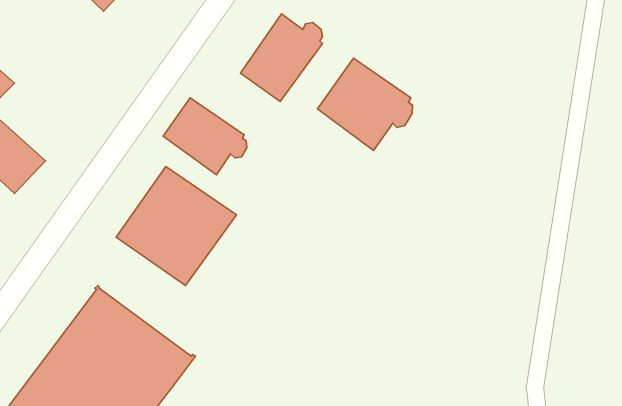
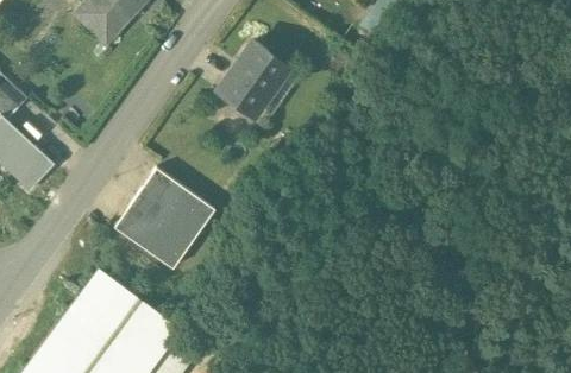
building: [317,58,412,151] -> none
building: [163,98,247,175] -> none

